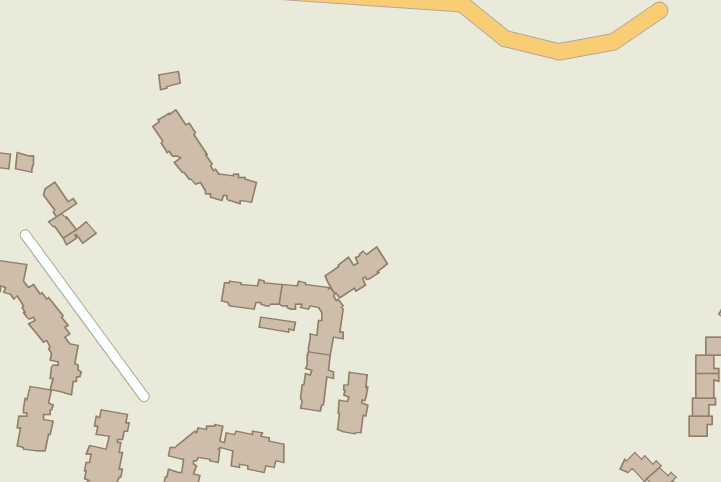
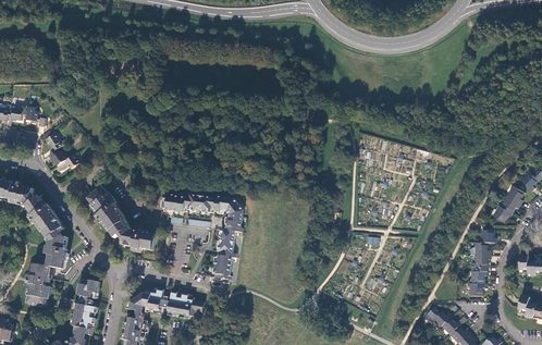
building: [153,110,257,204] -> [86,187,155,249]
building: [325,247,388,298] -> none
building: [337,372,368,434] -> none

